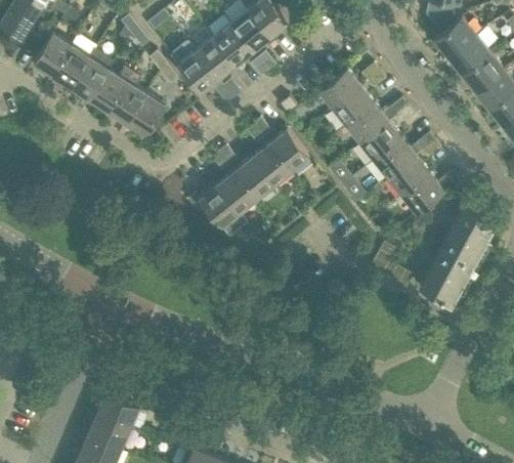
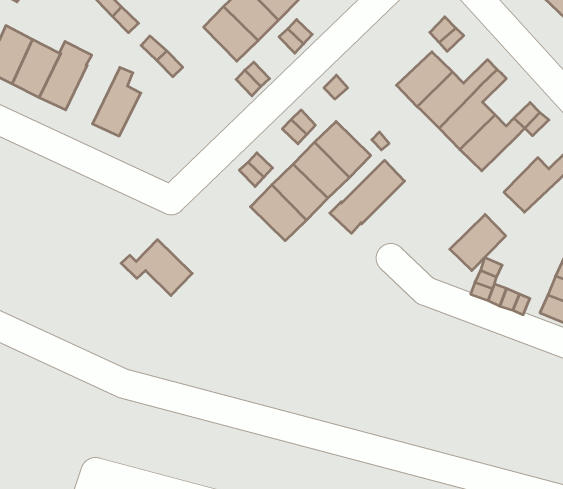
building: [170,41,219,93] -> none
building: [90,68,133,113] -> none
building: [319,69,362,110] -> none
building: [127,94,166,136] -> none
building: [389,157,431,197] -> [450,214,506,271]
building: none -> [330,160,405,233]
building: [188,186,240,228] -> [121,240,192,296]

